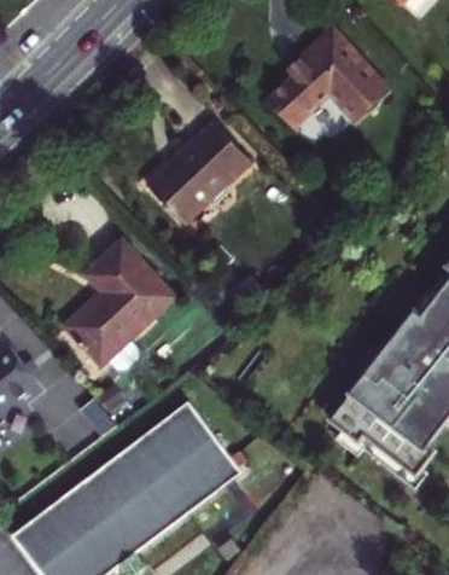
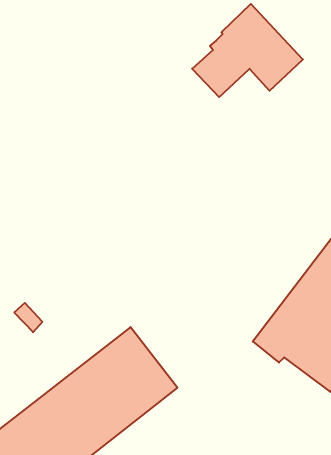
building: [139,118,243,221] -> none
building: [60,236,173,364] -> none

